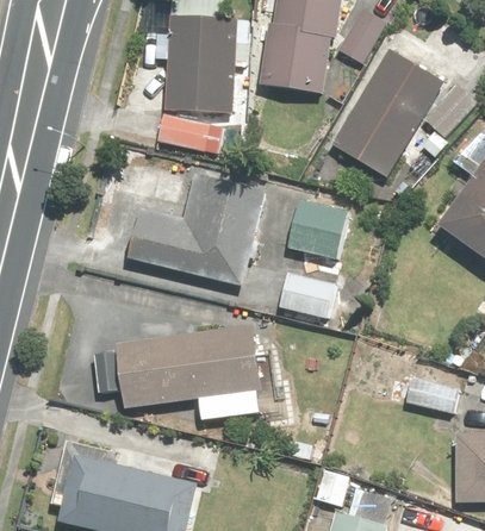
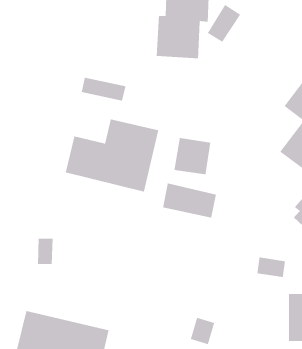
building: [168,15,235,111] -> none
building: [331,50,440,175] -> none
building: [120,332,261,405] -> none

